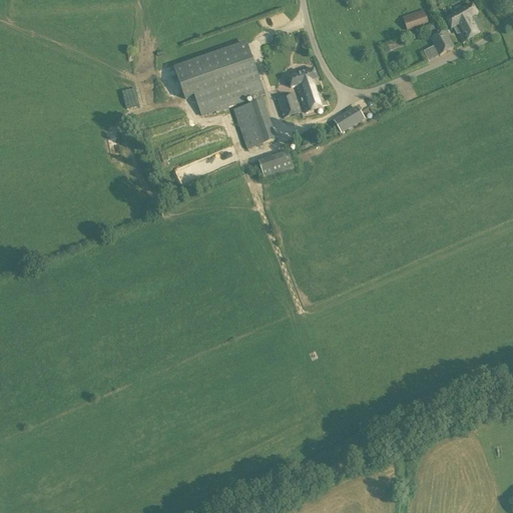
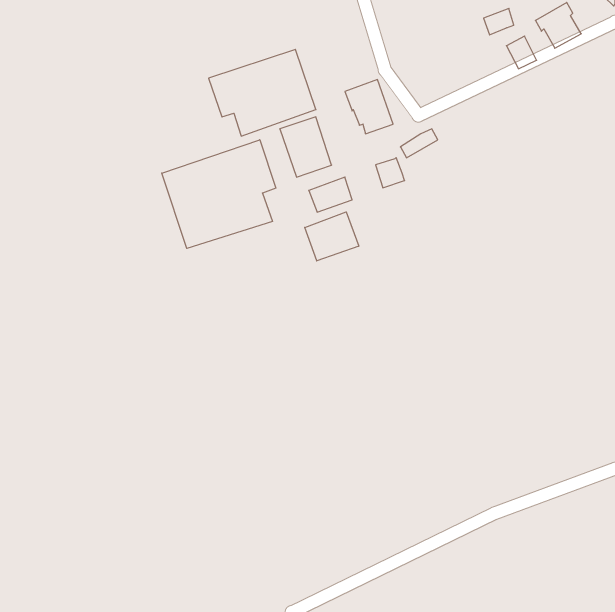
building: [277,91,301,116] -> [376,158,405,188]
building: none -> [162,140,276,248]
building: none -> [305,212,359,261]

